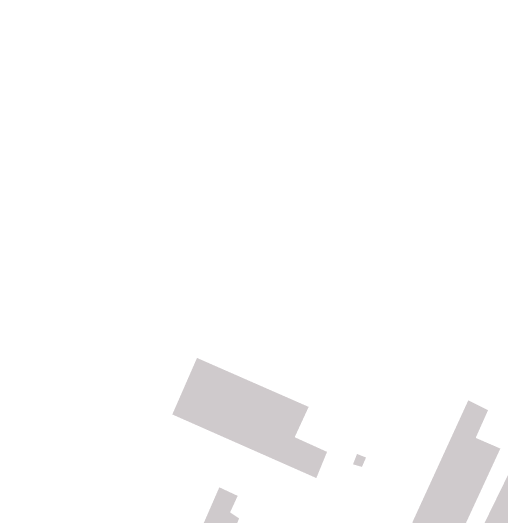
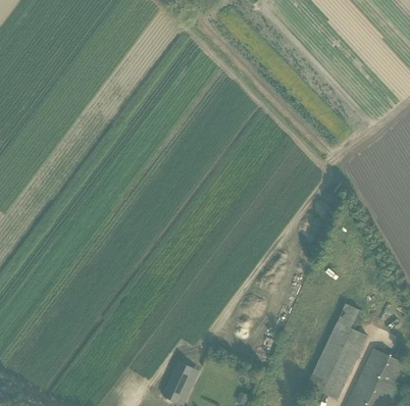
building: [171,357,328,479] -> none

